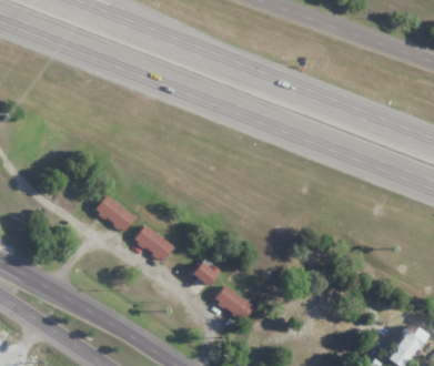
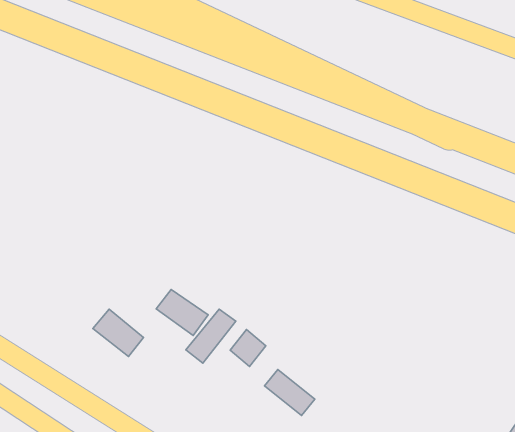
building: [99,197,137,233] -> [93,309,143,357]
building: none -> [186,309,236,363]

